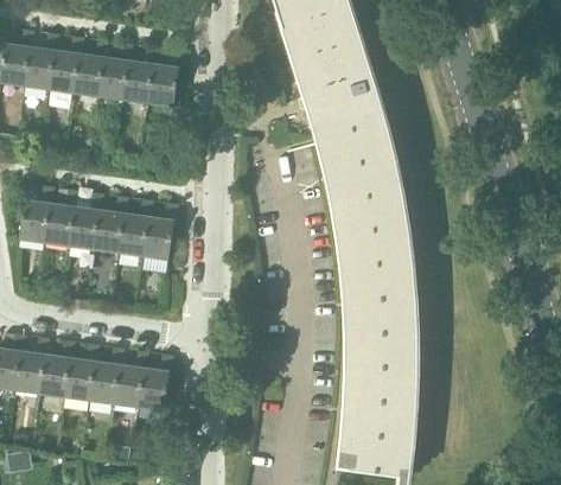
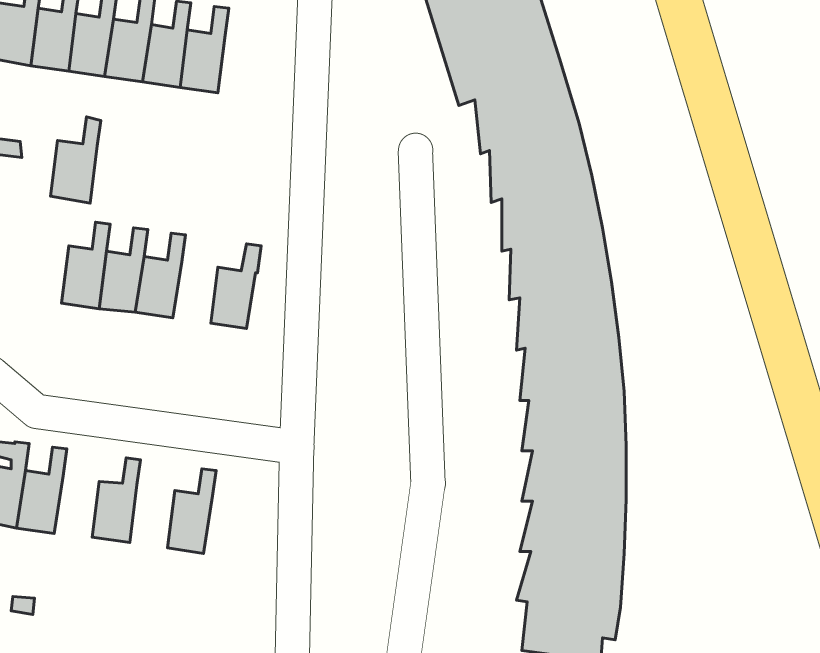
building: [147,51,180,108] -> none
building: [18,186,51,243] -> [50,117,101,203]
building: [117,200,149,256] -> none
building: [39,342,71,397] -> none
building: [89,349,121,404] -> none
building: [138,356,170,411] -> none

